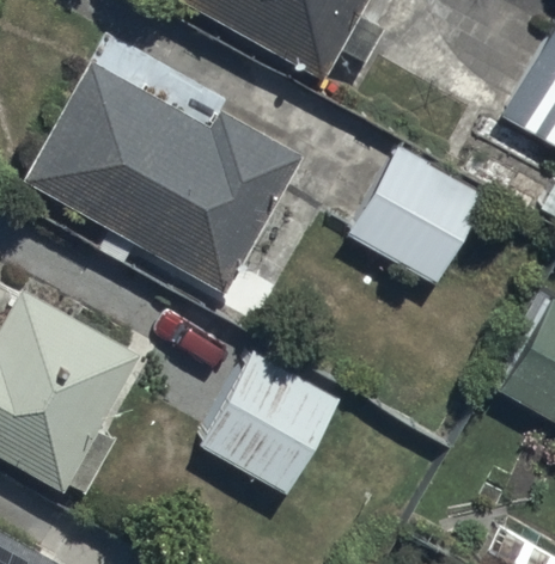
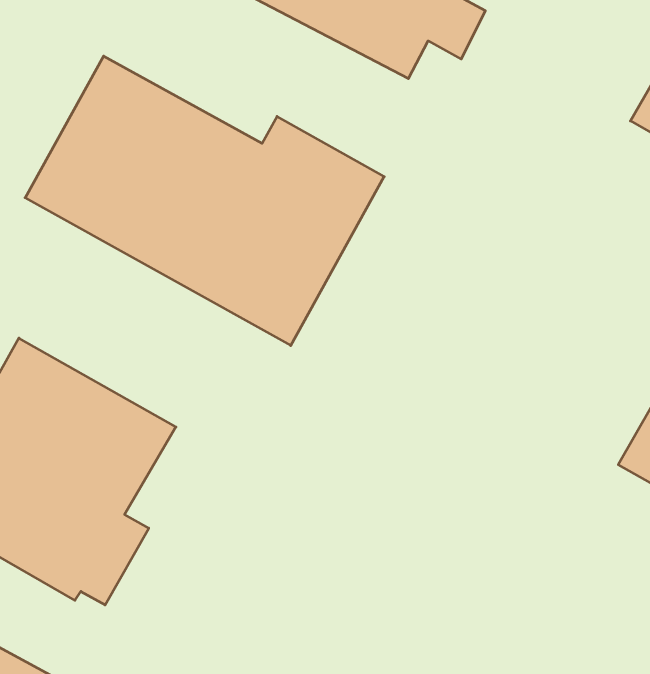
building: [348,145,490,288] -> none
building: [189,347,342,498] -> none

